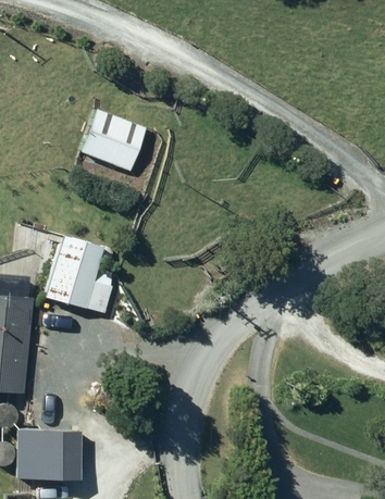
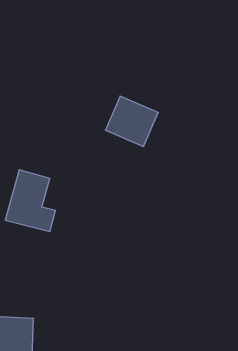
building: [78,107,149,174] -> [105,96,158,147]

